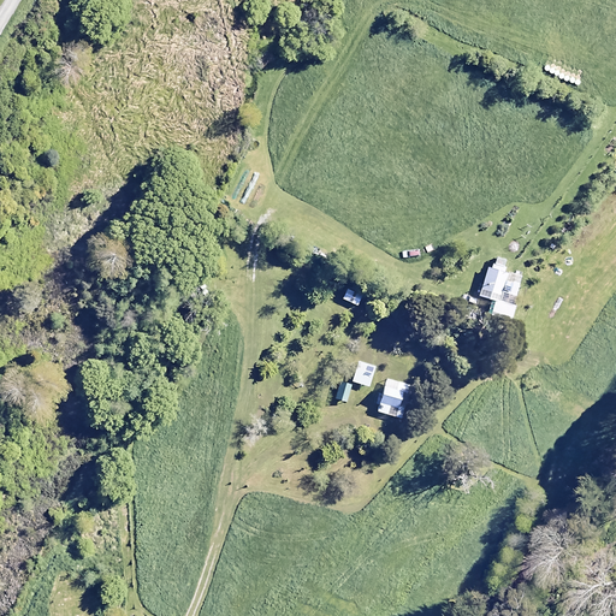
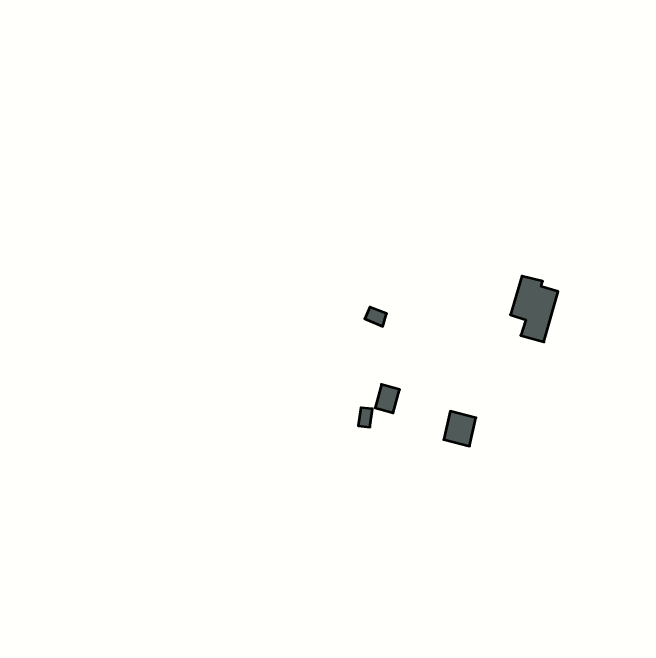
building: [378,384,408,416] -> [444,411,476,446]

